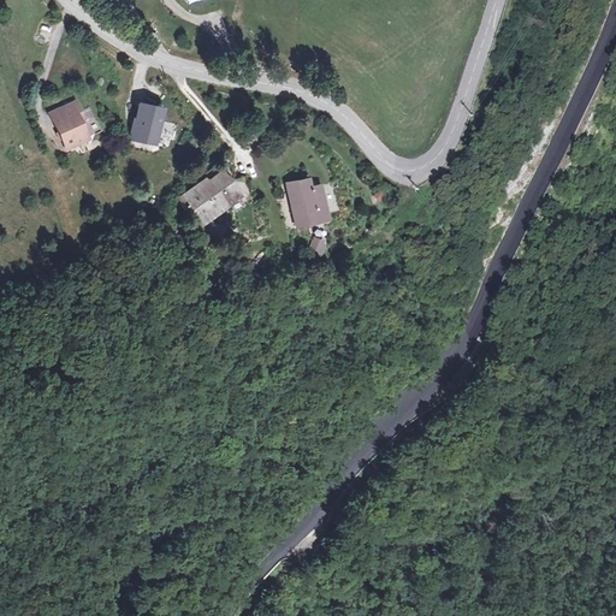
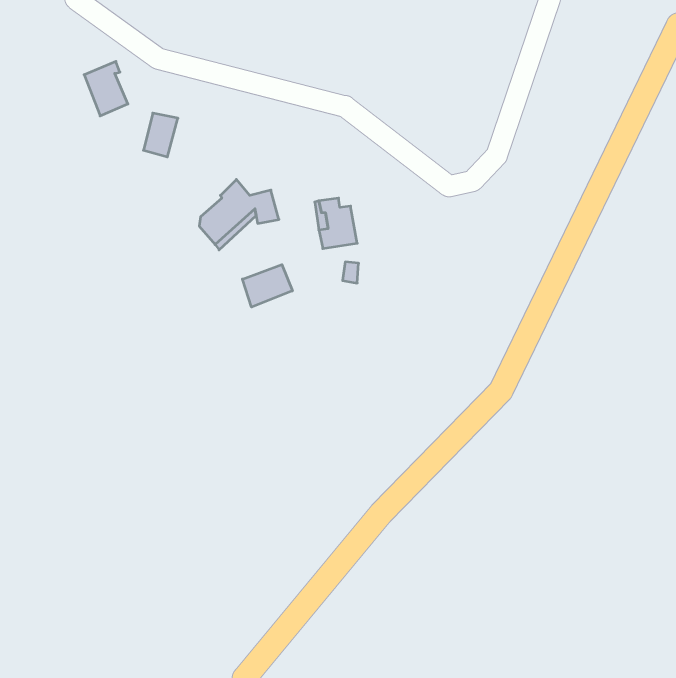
building: [51,100,90,149] -> [84,61,128,116]
building: none -> [242,265,292,307]

